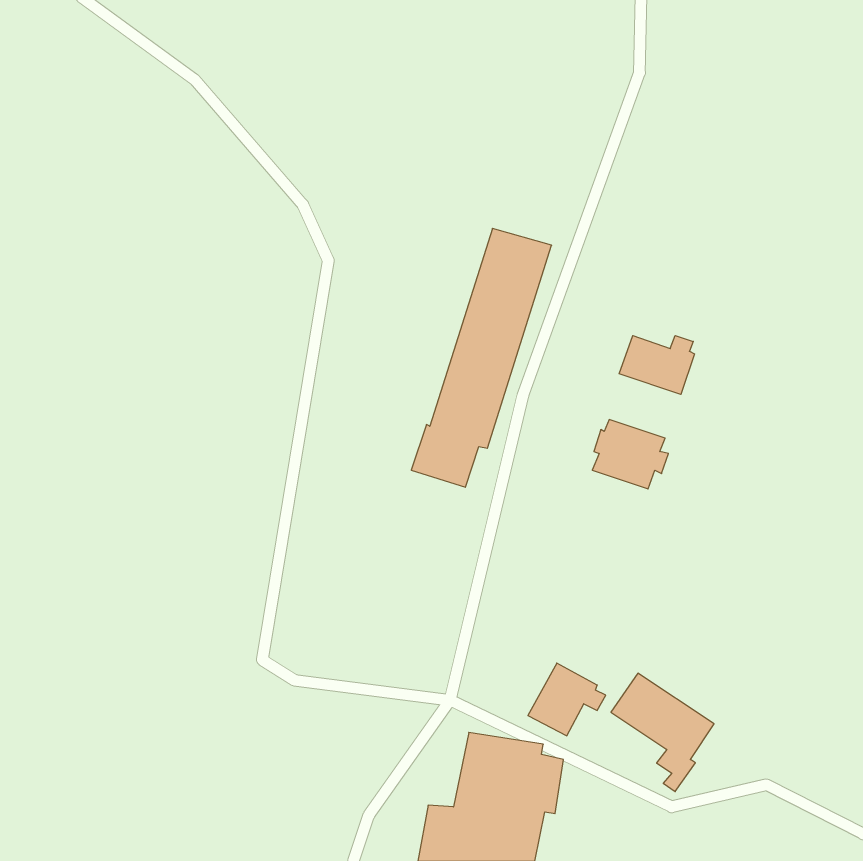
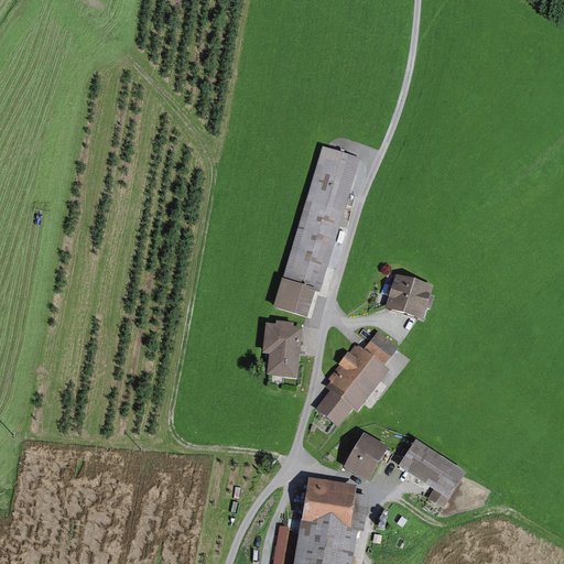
building: [619,336,695,394] -> none
building: none -> [263,322,305,379]
building: none -> [317,332,401,429]

